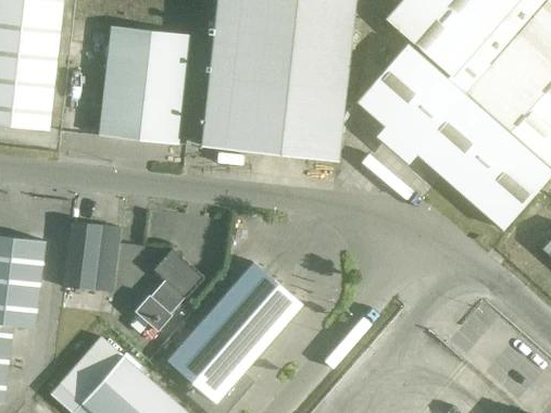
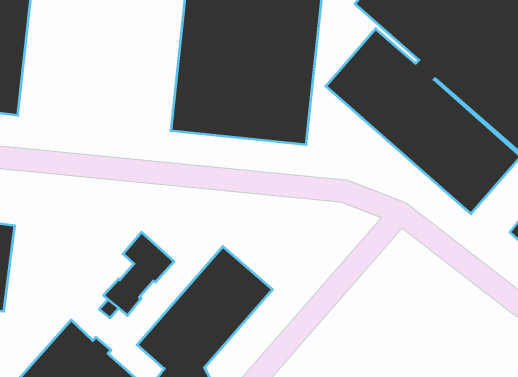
building: [99,26,190,145] -> none
building: [63,221,120,292] -> none

